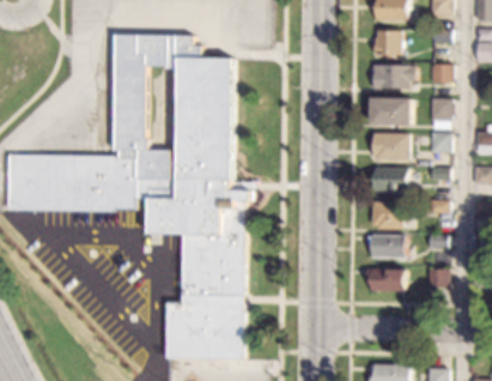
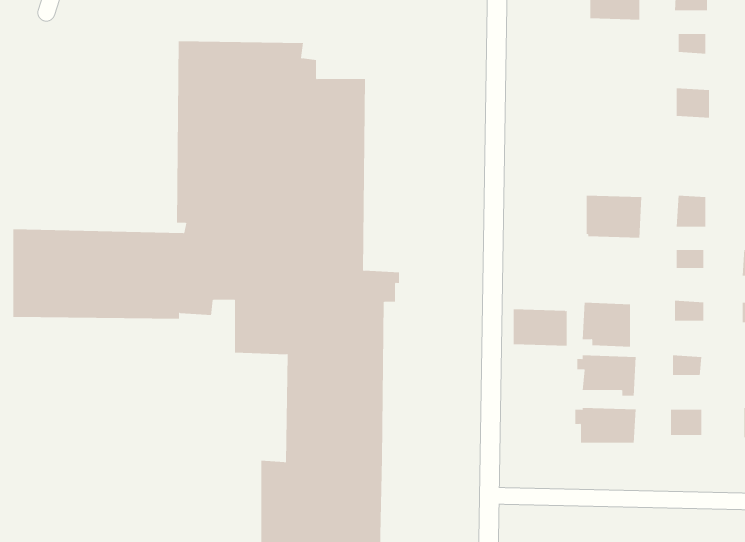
building: [375,30,401,55] -> none
building: [373,66,417,89] -> none
building: [372,98,413,126] -> none
building: [431,98,451,129] -> none
building: [373,168,408,192] -> [513,309,567,346]

